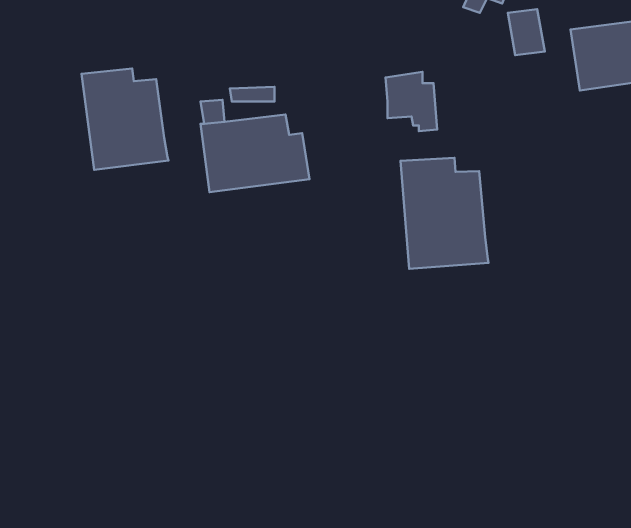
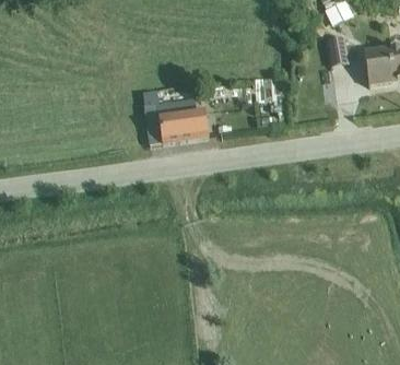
building: [82,69,169,170] -> none
building: [401,158,489,269] -> none

